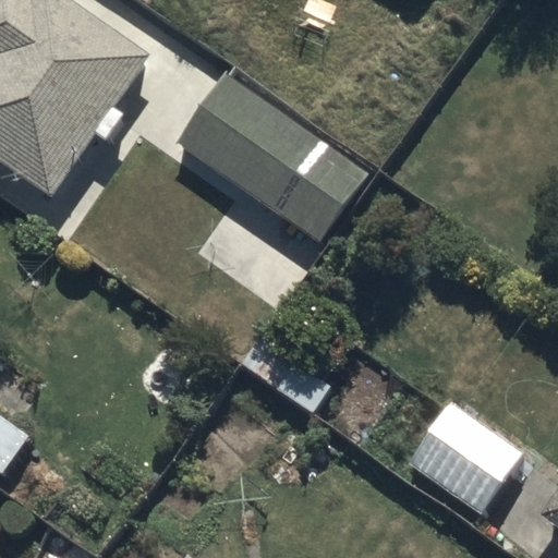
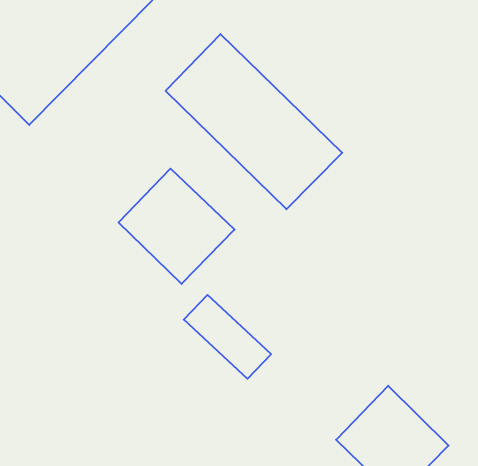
building: none -> [119,169,235,284]

